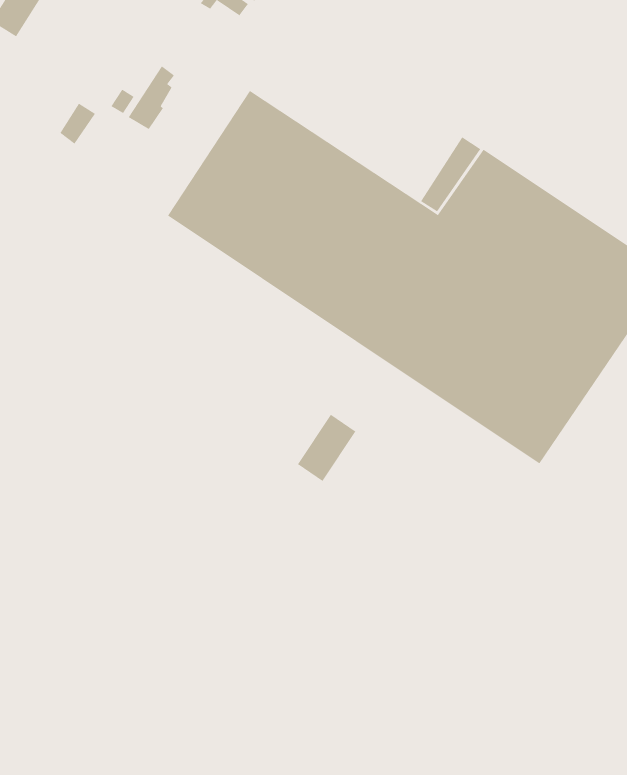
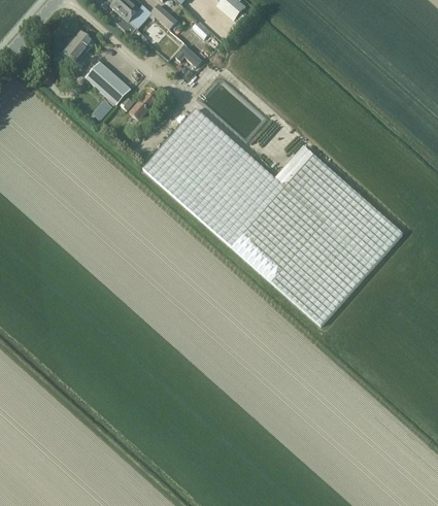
building: none -> [86,61,131,105]
building: [297,414,356,482] -> none

